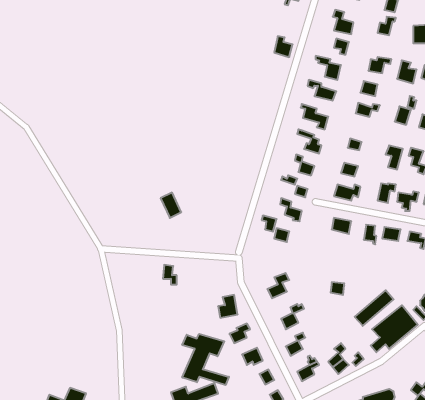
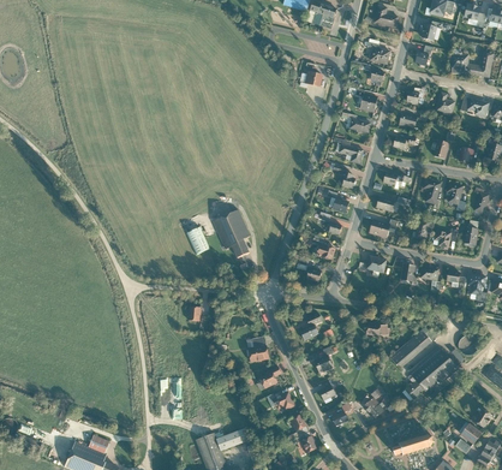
building: none -> [214,213,252,258]
building: [182,334,229,385] -> none

